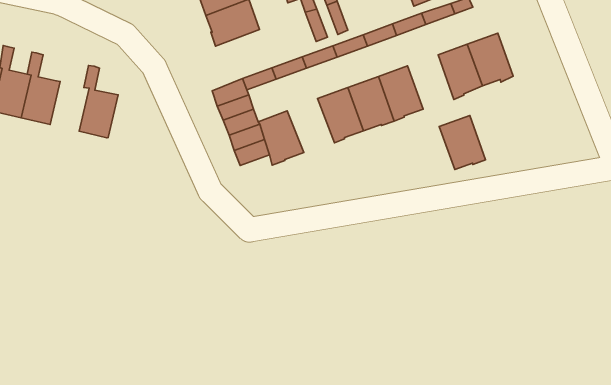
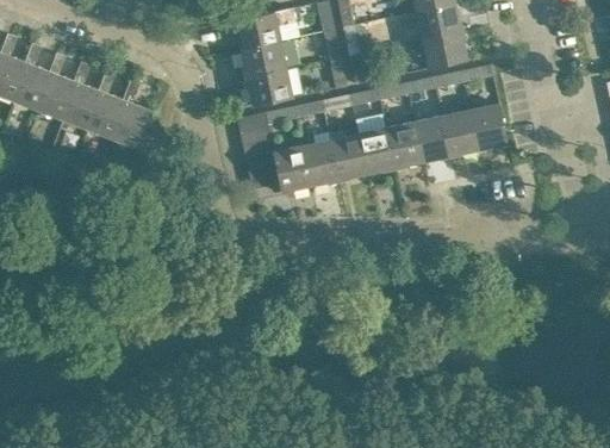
building: none -> [245,70,293,106]
building: none -> [88,71,127,138]
building: none -> [301,139,340,186]
building: [439,115,485,170] -> [415,116,452,162]

